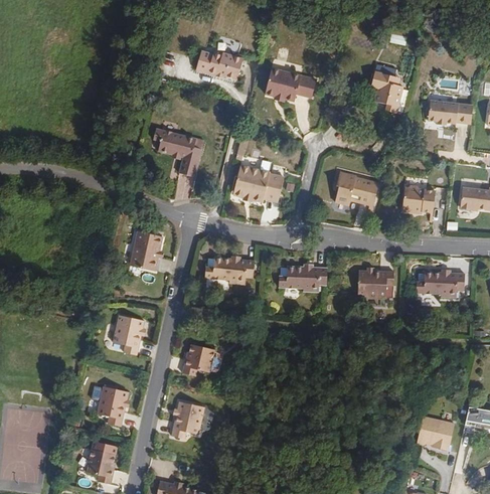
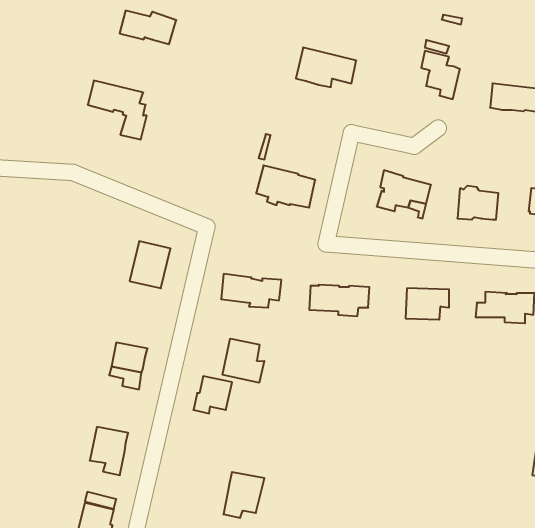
building: [197,51,244,79] -> [120,11,176,44]
building: [151,129,200,178] -> [88,81,147,140]
building: none -> [223,339,264,383]
building: [170,399,204,438] -> [223,472,264,518]
building: [416,414,454,450] -> none

